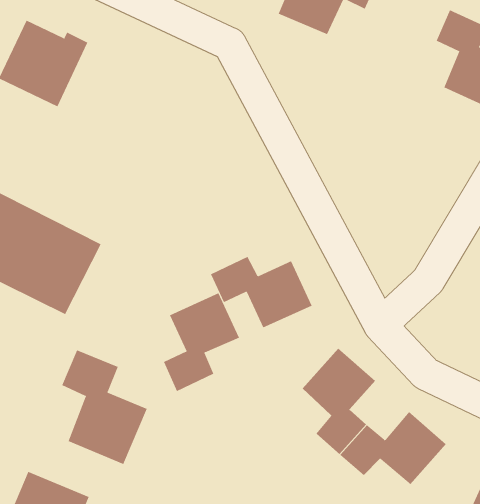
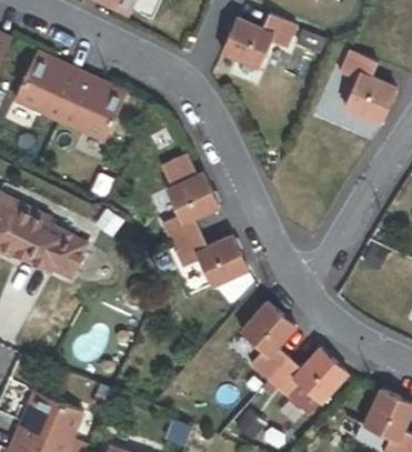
building: none -> [60,76,124,144]
building: [163,293,240,392] -> [162,173,219,247]
building: [61,349,148,465] -> none

